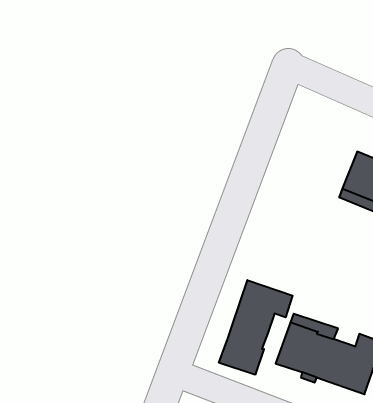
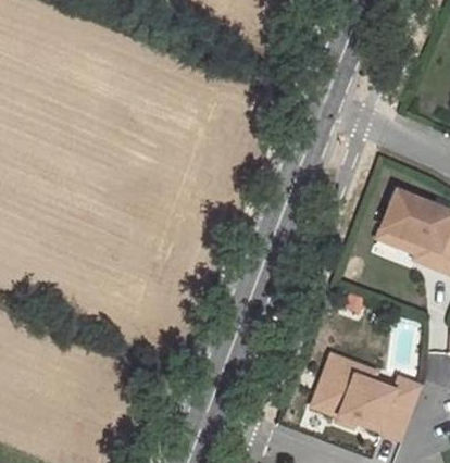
building: [219,280,293,375] -> none

